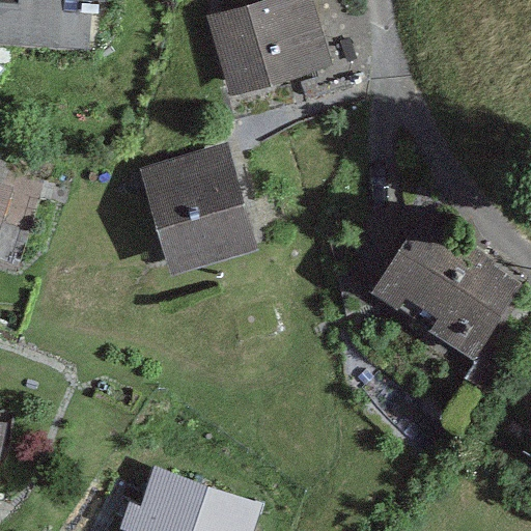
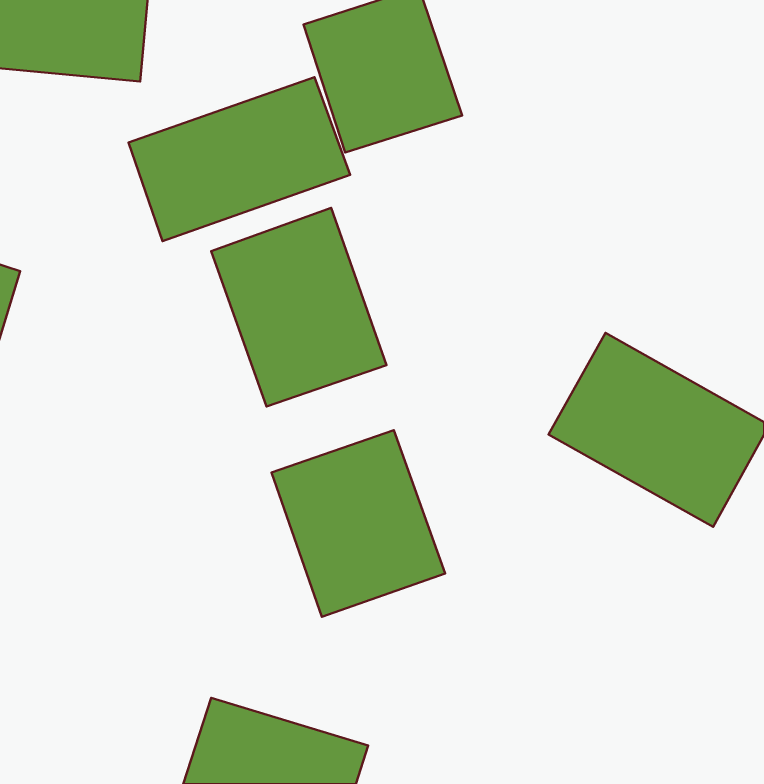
building: none -> [128,77,350,241]
building: none -> [272,430,445,617]

